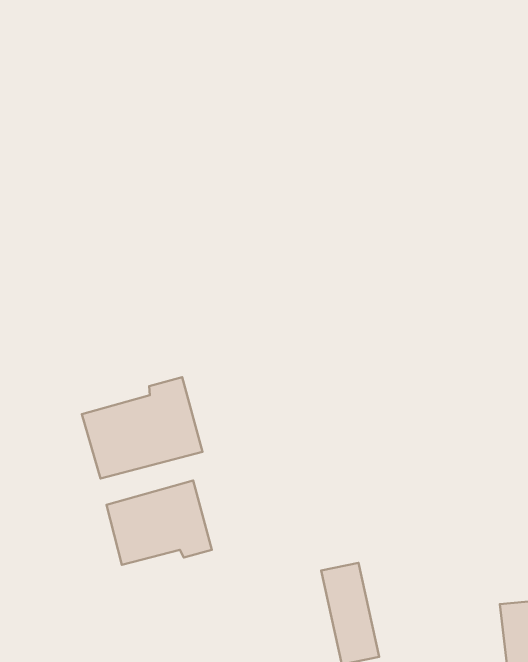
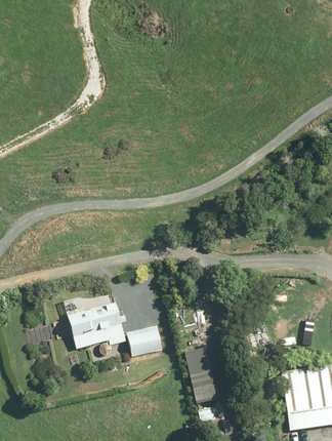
building: [82,377,203,478] -> none
building: none -> [127,326,163,356]

